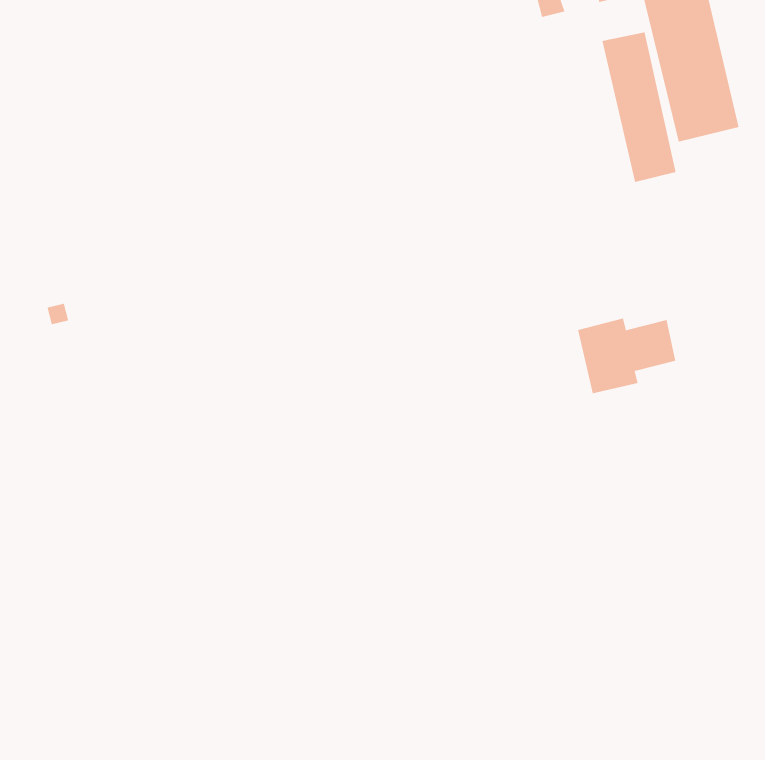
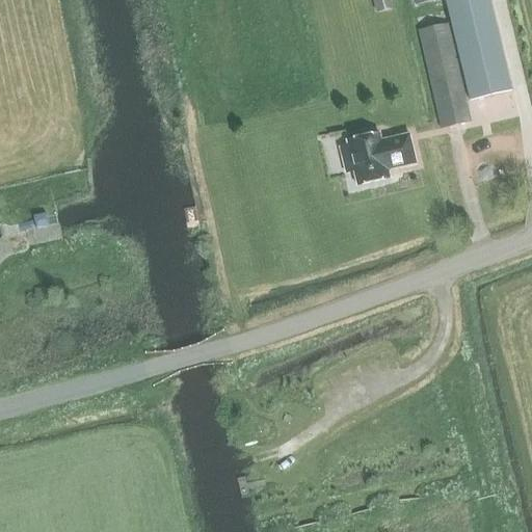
building: [577,318,676,394] -> [347,130,416,183]

